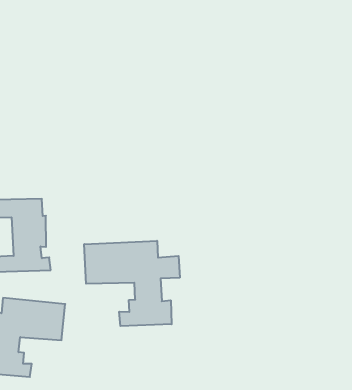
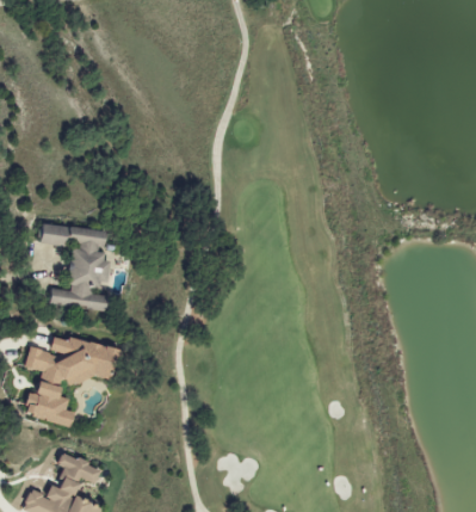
building: [84,241,180,326] -> none

